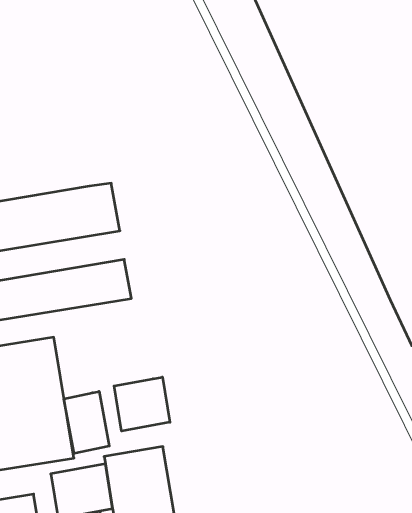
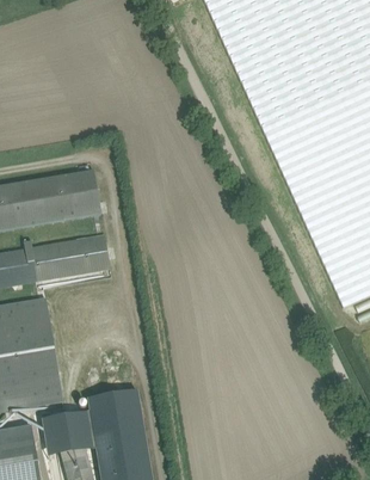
building: [114,377,170,431] -> none
building: [64,391,109,454] -> none

